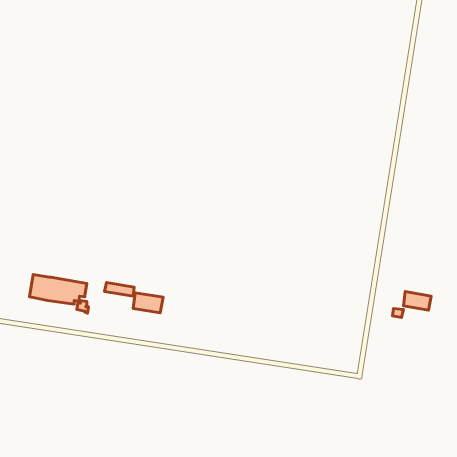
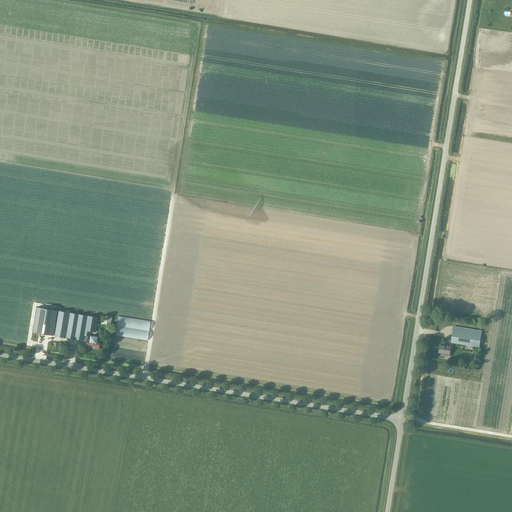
building: [133,293,163,313] -> none

